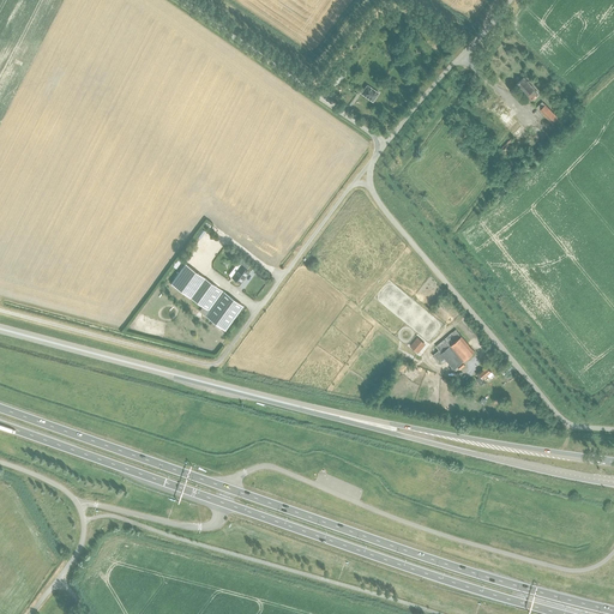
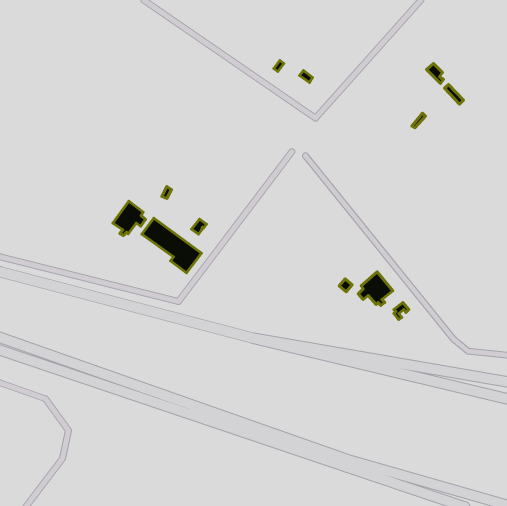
building: none -> [113,201,146,236]

